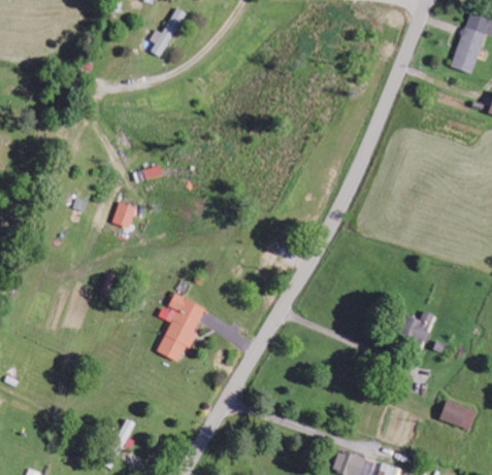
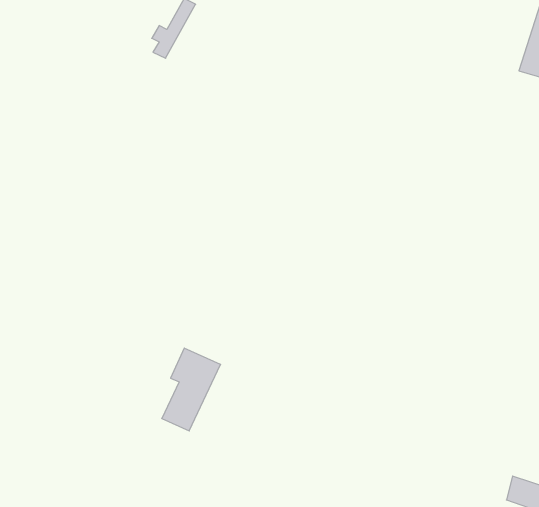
building: [112,201,136,227] -> none
building: [400,310,434,343] -> none

